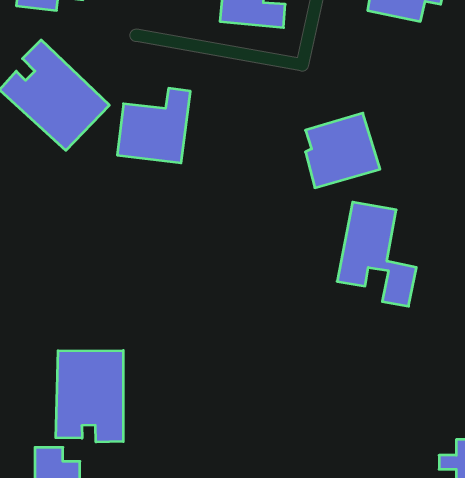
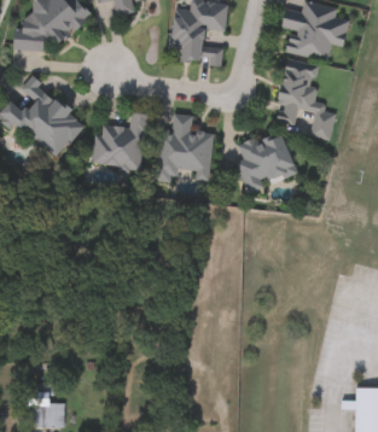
building: none -> [153,113,213,183]
building: [337,202,416,306] -> [274,59,336,140]
building: [56,350,123,442] -> none

